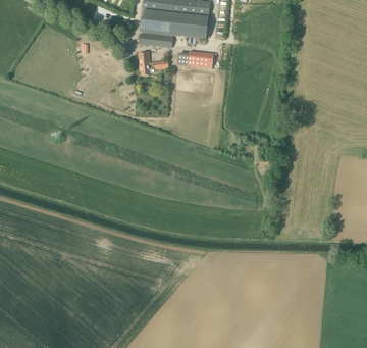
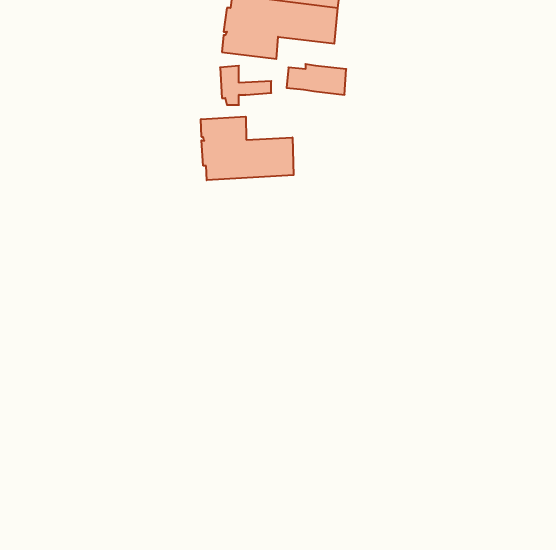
building: none -> [201,117,294,180]

